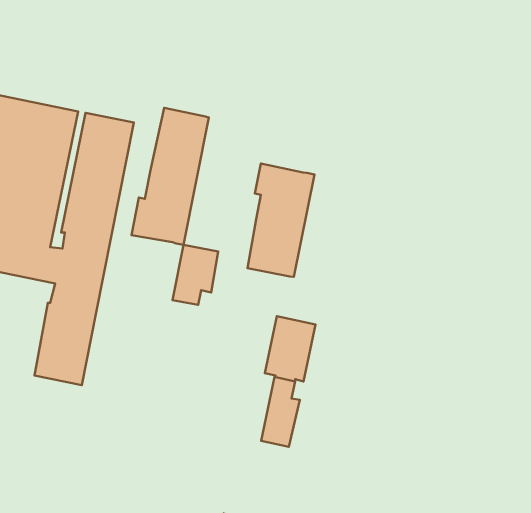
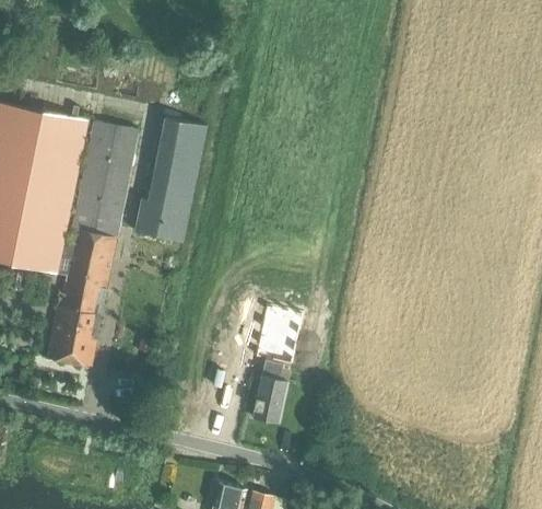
building: [247,163,314,277] -> none
building: [172,245,218,305] -> none

